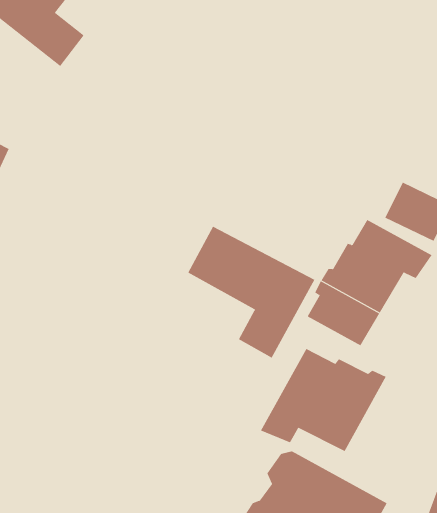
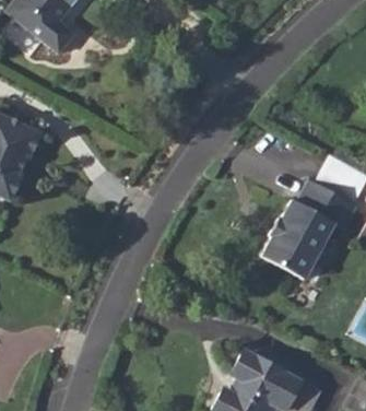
building: [188,226,315,358] -> none
building: [260,348,386,452] -> none

